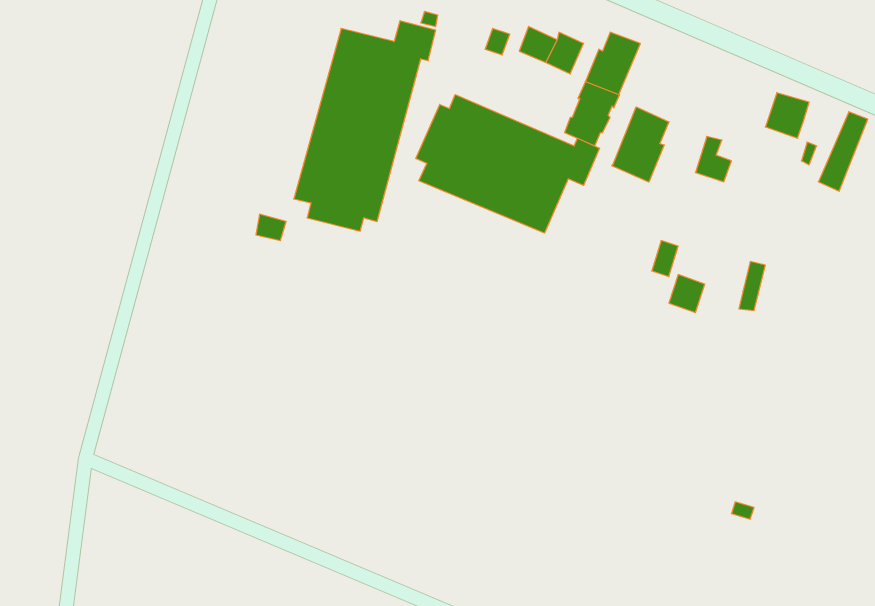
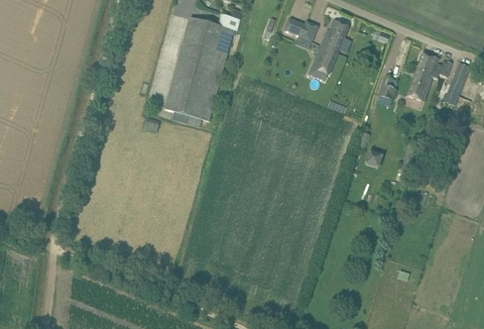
building: [416,95,599,233] -> none
building: [612,107,669,182] -> none
building: none -> [408,70,434,100]

